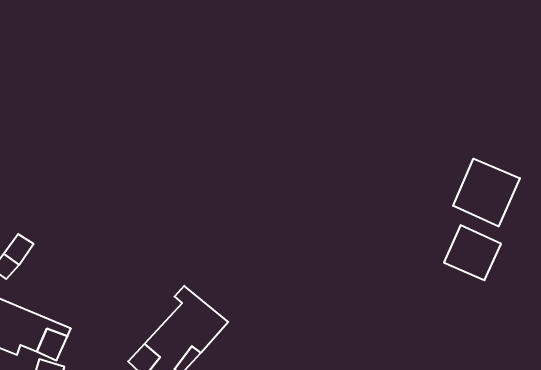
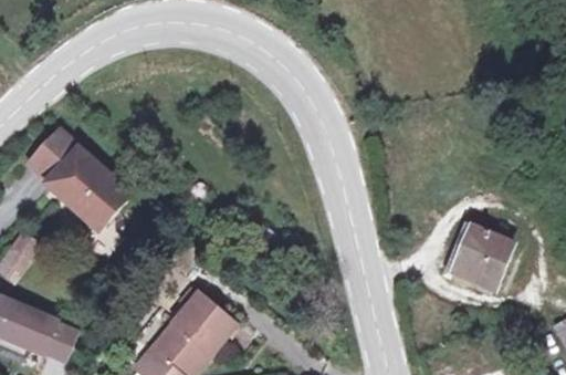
building: none -> [31,129,130,225]
building: [453,159,520,226] -> none

